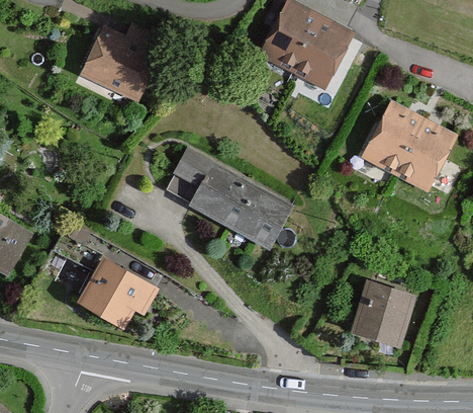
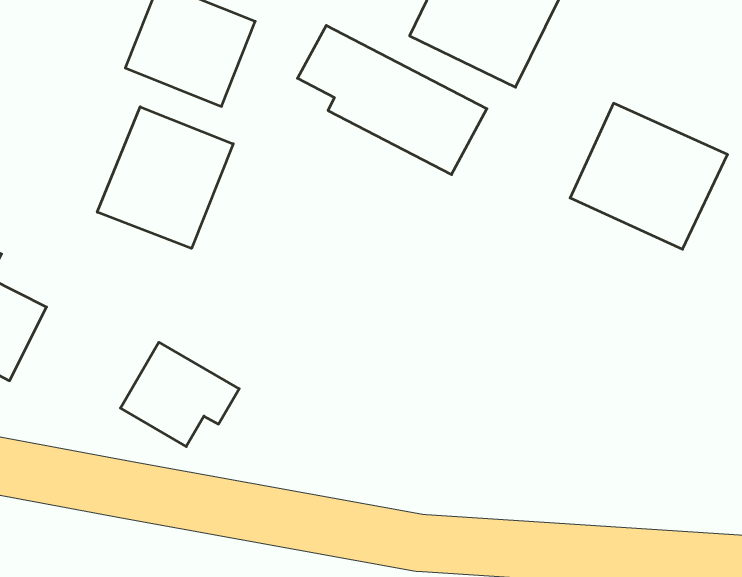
building: none -> [97,107,233,248]
building: [170,146,289,240] -> [297,25,487,175]
building: [353,276,410,338] -> none

